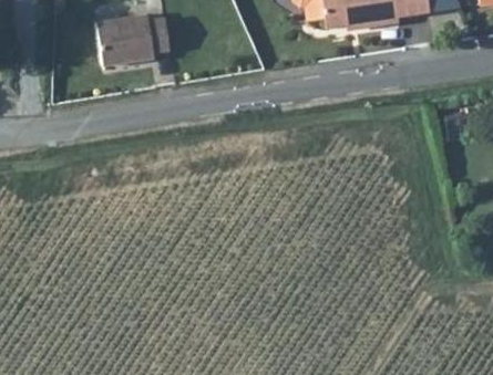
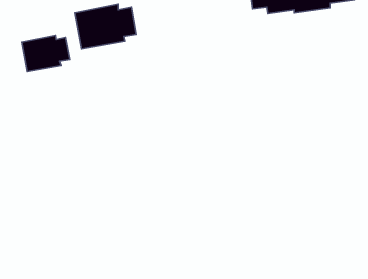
building: none -> [22,36,70,71]

